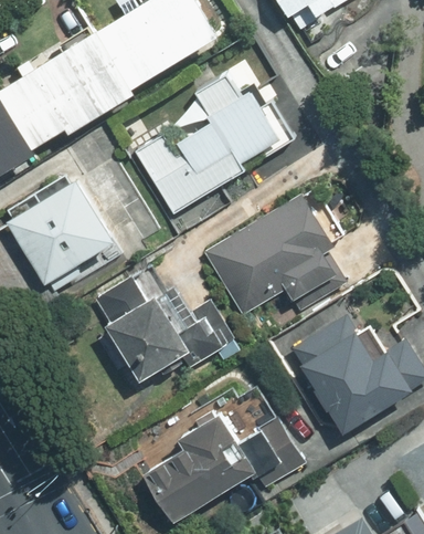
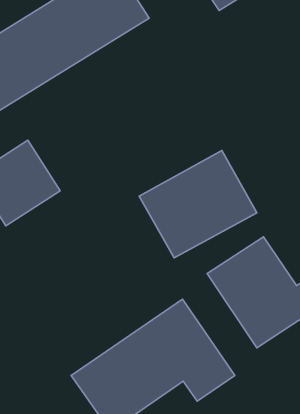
building: [123,60,300,221] -> none
building: [97,274,240,395] -> none

